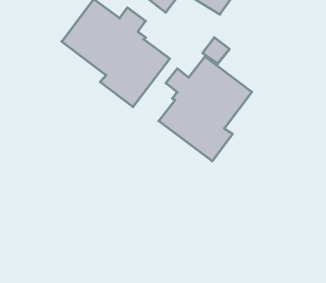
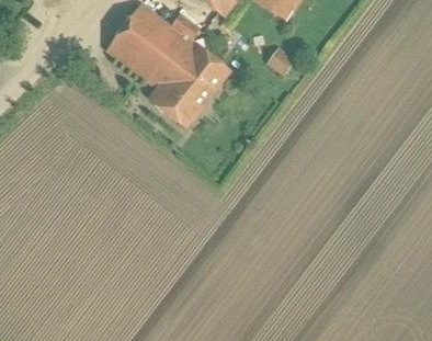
building: [159,56,252,161] -> none

